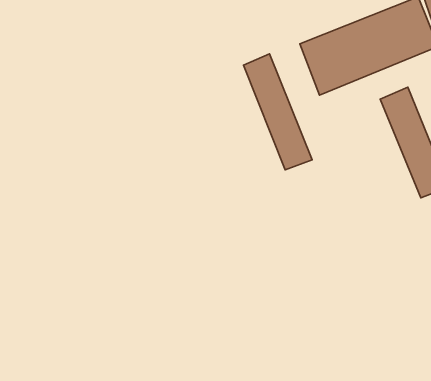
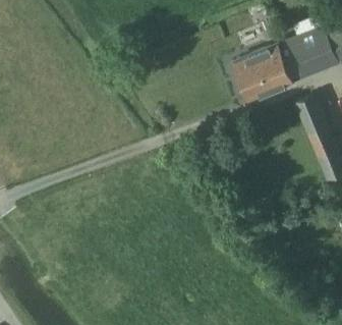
building: [244,54,312,170] -> none

